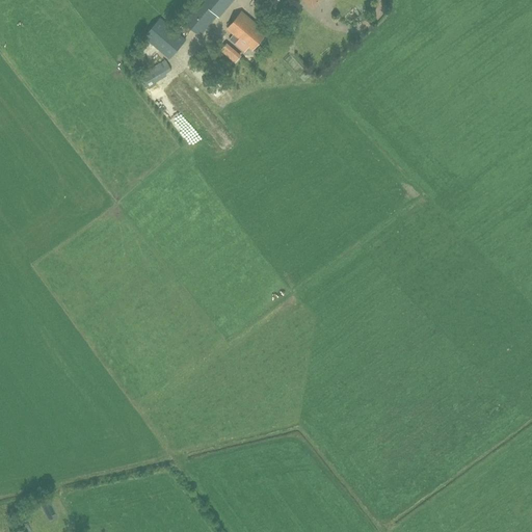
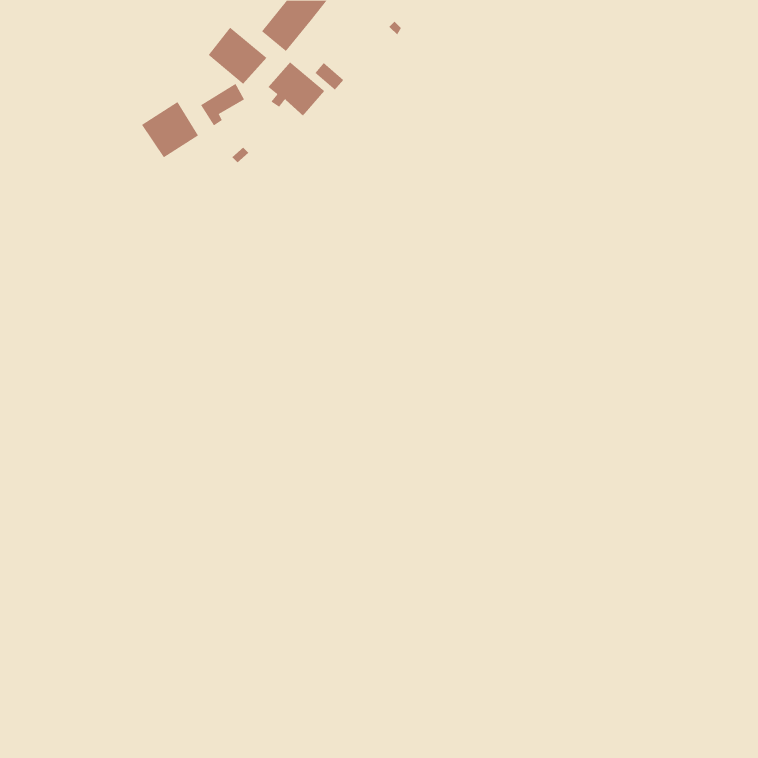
building: [227,11,267,50] -> [267,62,325,116]
building: none -> [141,101,199,158]

